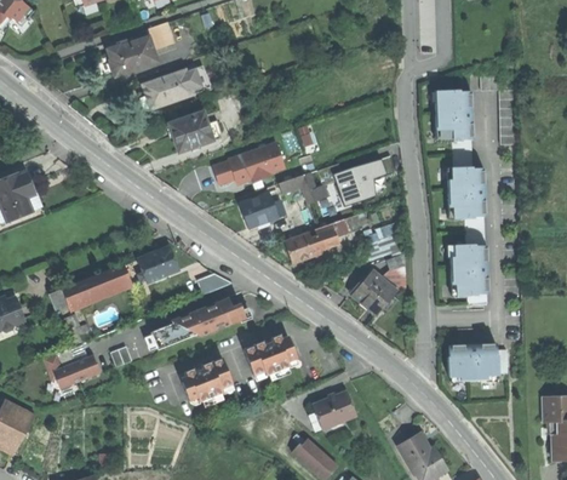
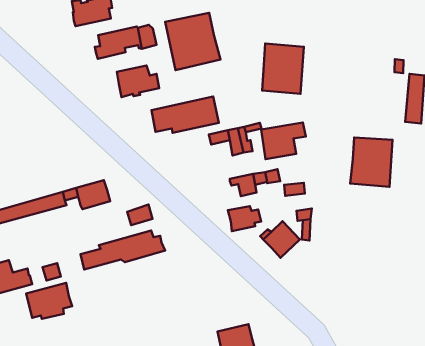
building: none -> [165,13,221,70]
building: [431,90,477,144] -> [262,44,304,94]
building: [241,194,283,227] -> none
building: [285,233,323,263] -> [228,206,261,231]
building: [446,244,492,298] -> none
building: [244,336,297,377] -> none
building: [445,343,503,385] -> none
building: [181,359,234,402] -> [26,283,72,319]

